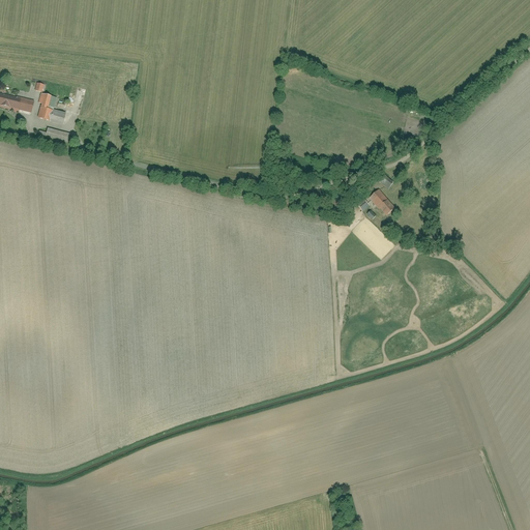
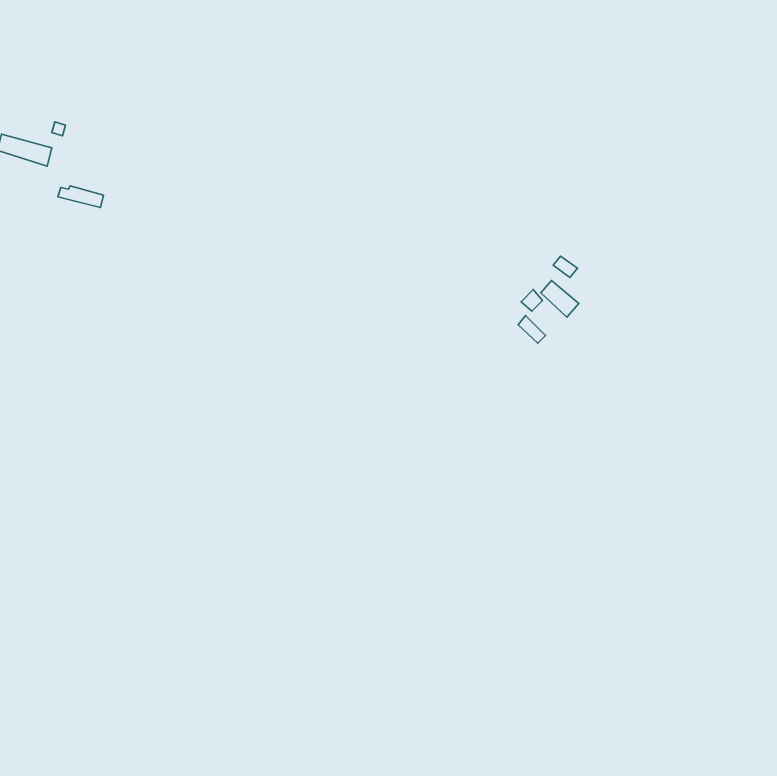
building: [38,94,66,124] -> none

